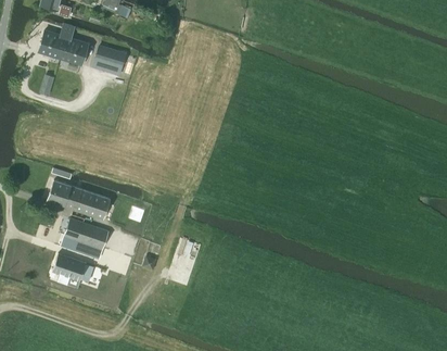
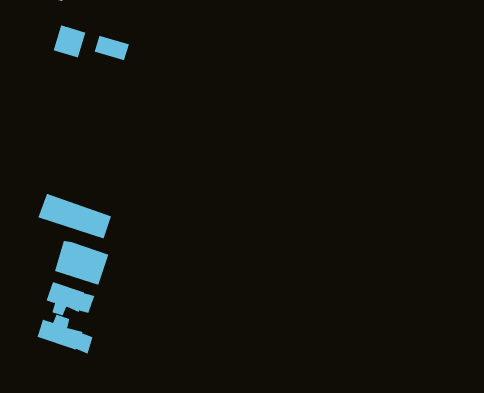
building: [38,24,74,59] -> none
building: none -> [37,314,93,354]

